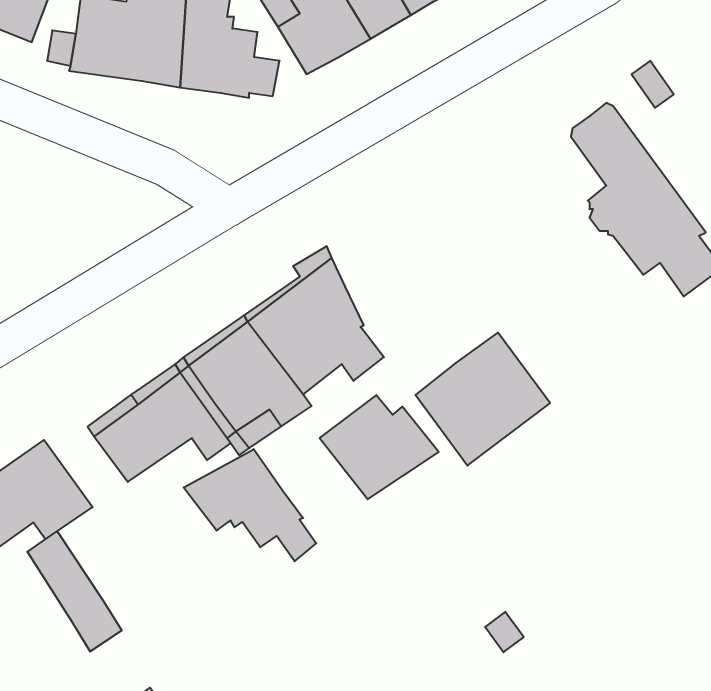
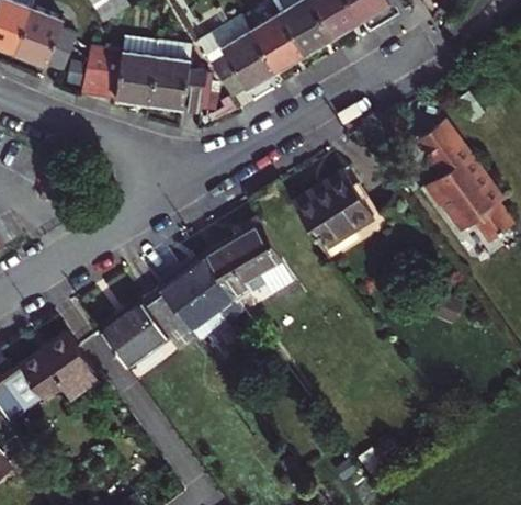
building: [415,333,550,466] -> [288,157,376,244]
building: [320,395,439,499] -> none
building: [184,449,316,561] -> none
building: [27,531,122,652] -> none

